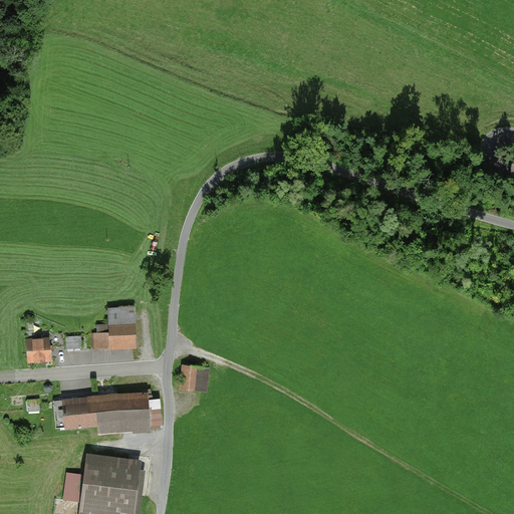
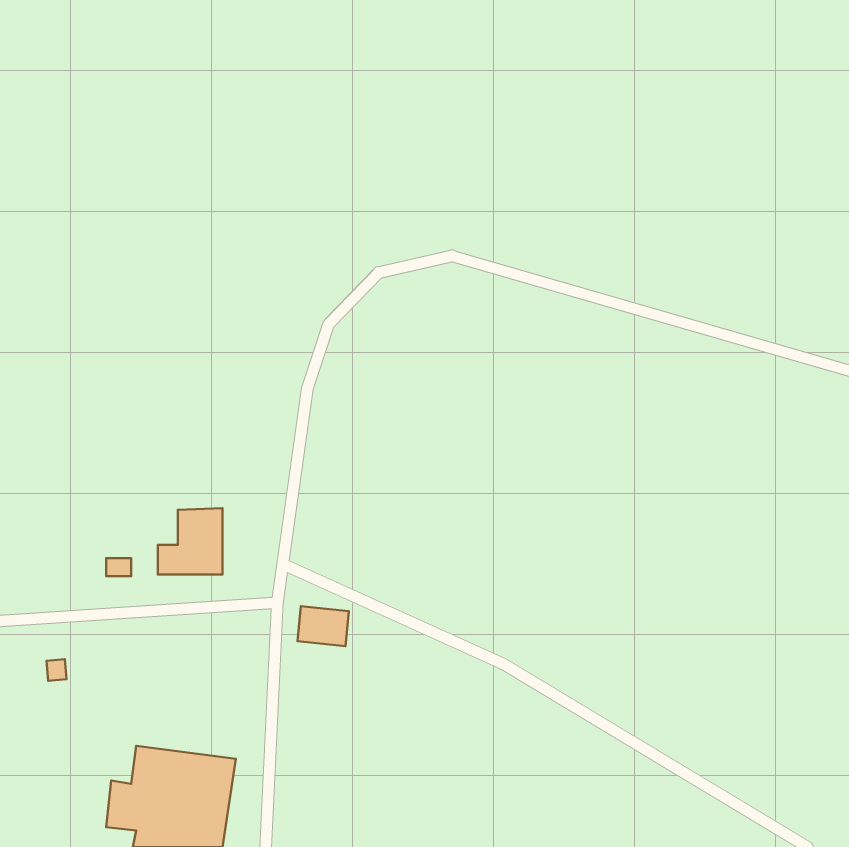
building: [25,338,50,363] -> none
building: [61,396,163,432] -> none

